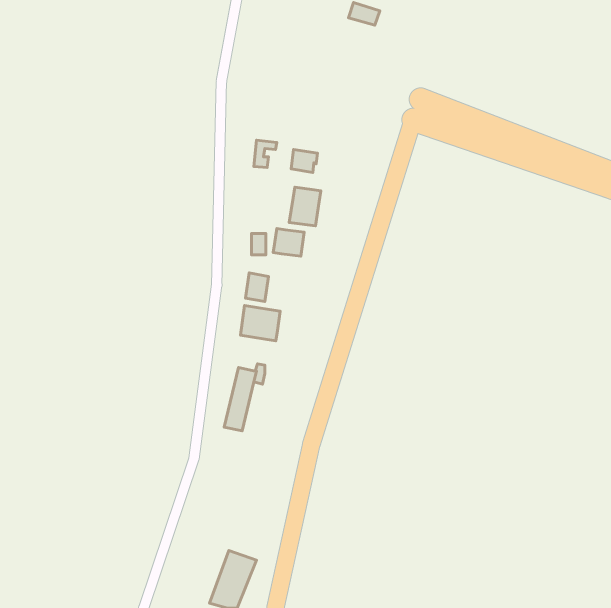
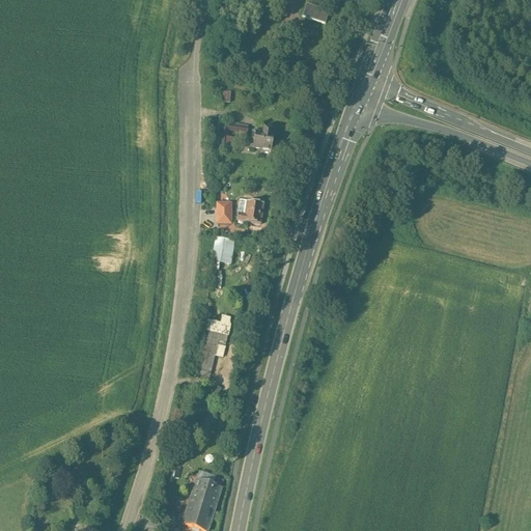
building: [289,187,321,226] -> none
building: [240,306,280,341] -> none

